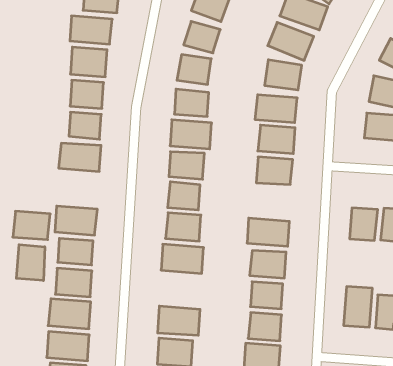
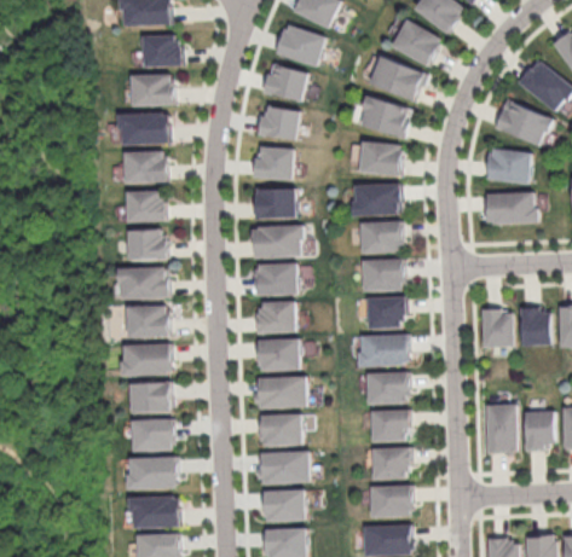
building: none -> [365,296,404,329]
building: [13,211,50,240] -> [128,304,171,337]
building: [16,245,45,281] -> none
building: none -> [260,413,304,446]

